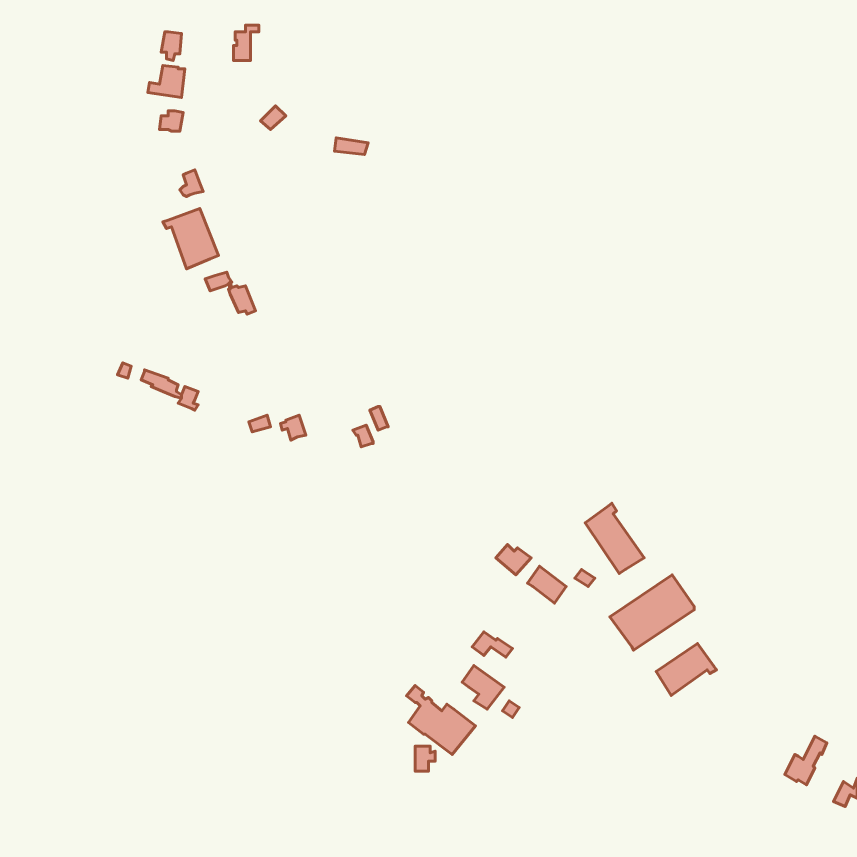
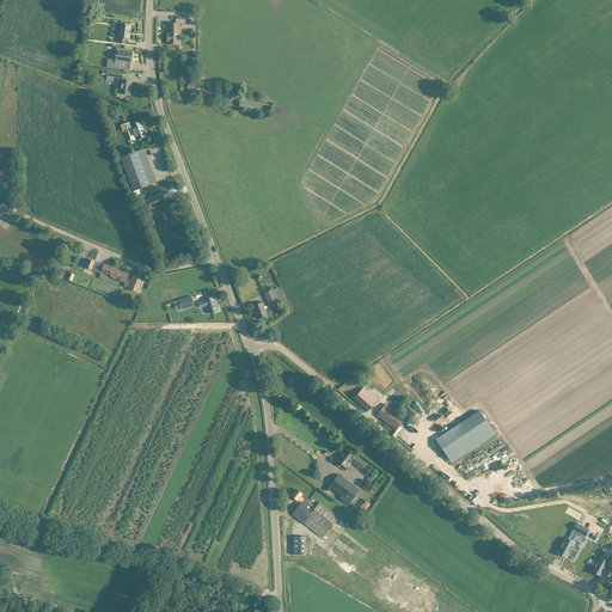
building: [585,503,644,573] -> none
building: [656,643,716,696] -> none

